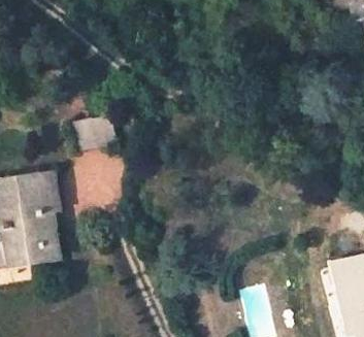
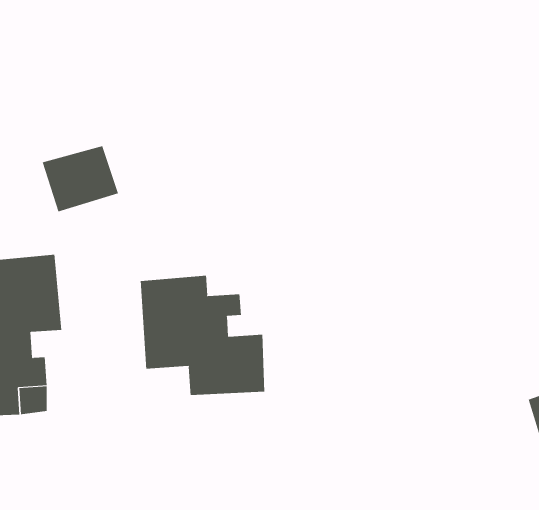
building: none -> [140,275,265,396]

